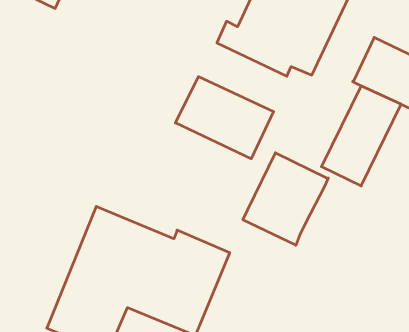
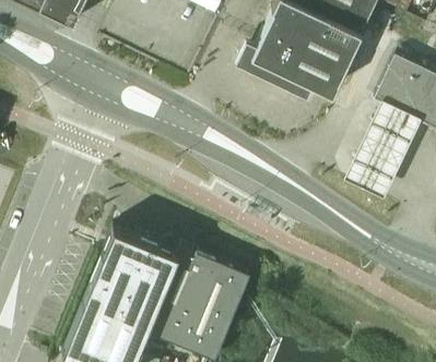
building: [175,77,274,159] -> none
building: [243,153,328,245] -> none

